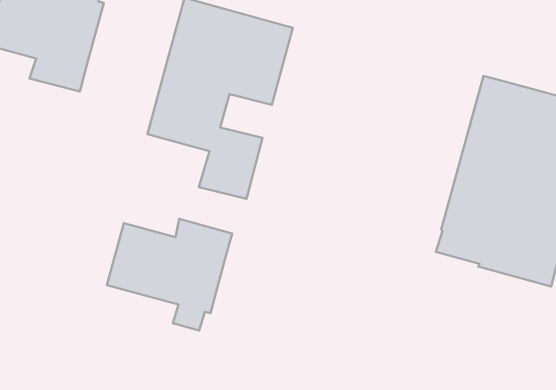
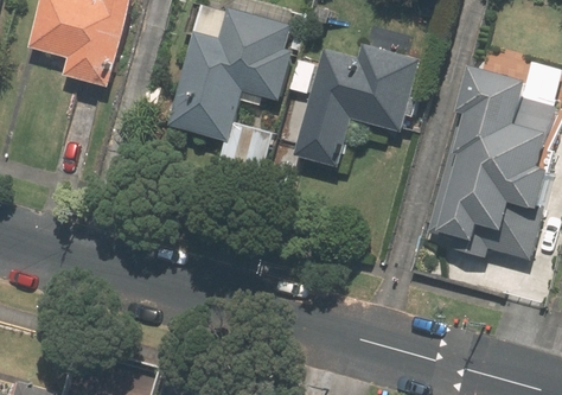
building: none -> [293,46,417,167]
building: [107,219,232,331] -> none

